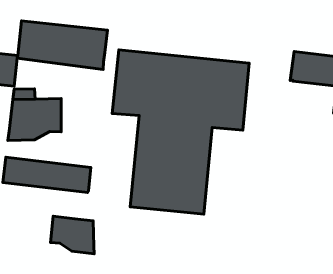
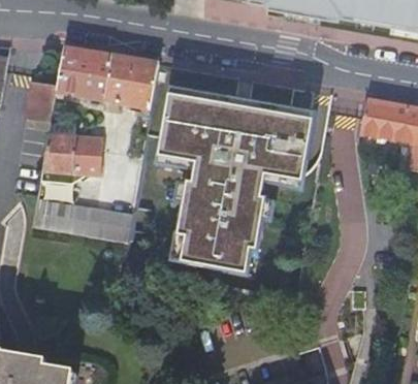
building: [50,216,94,254] -> none

